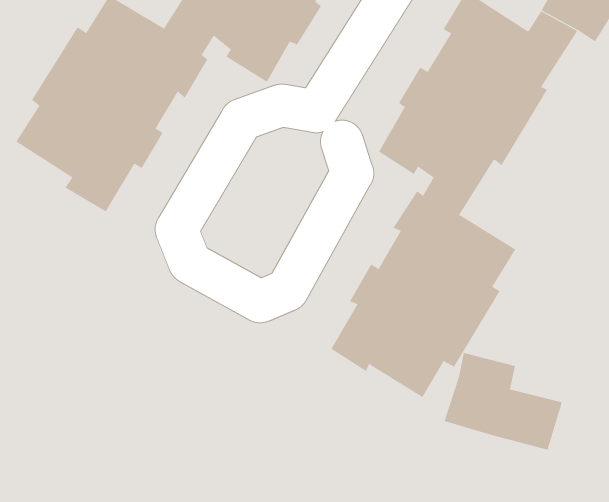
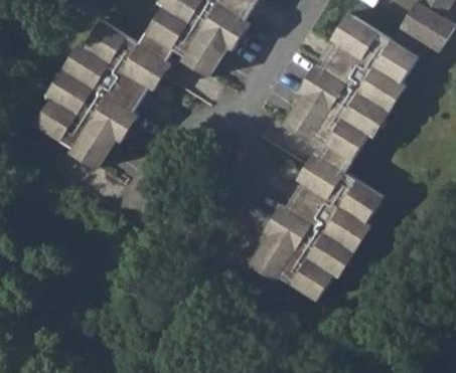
building: [444,352,562,450] -> none

